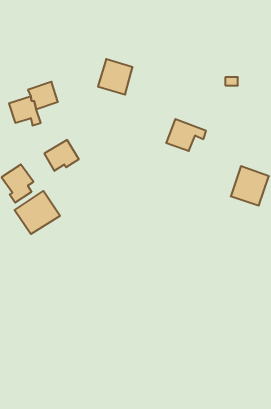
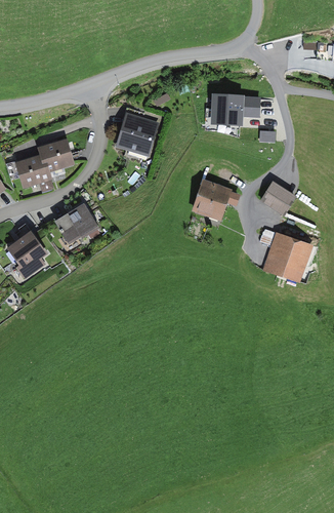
building: none -> [211,97,260,128]
building: none -> [262,182,293,211]
building: [15,191,60,234] -> none

